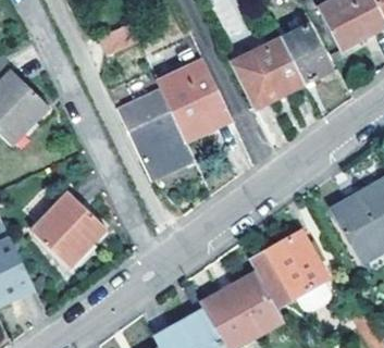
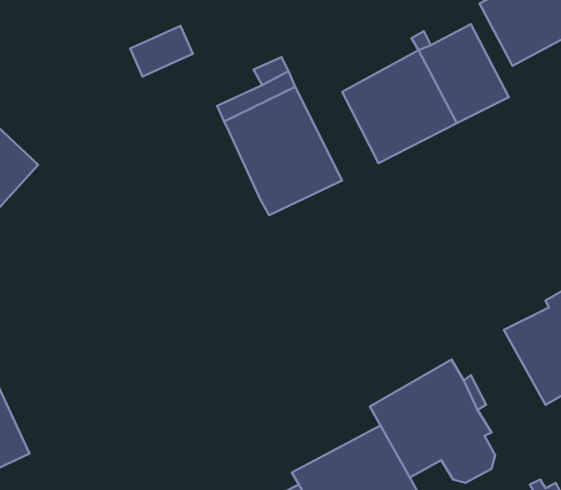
building: [120,88,195,181] -> none
building: [34,195,108,268] -> none

